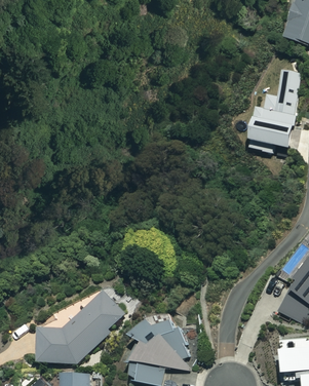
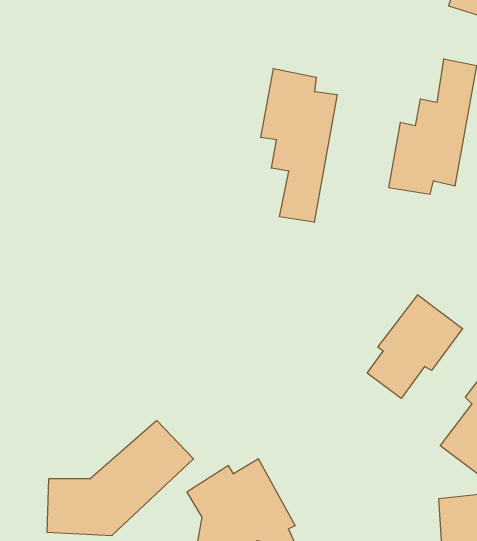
building: none -> [261,68,337,222]
building: none -> [367,295,463,398]

